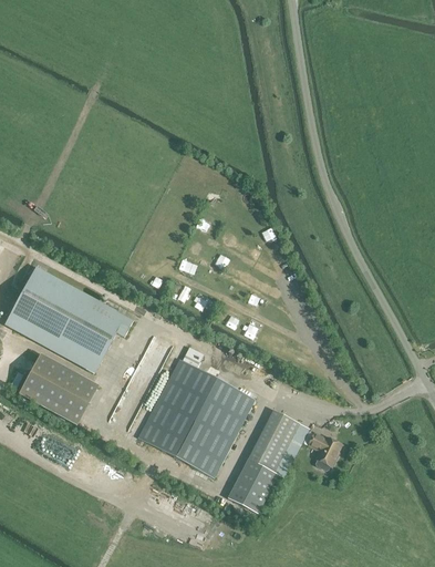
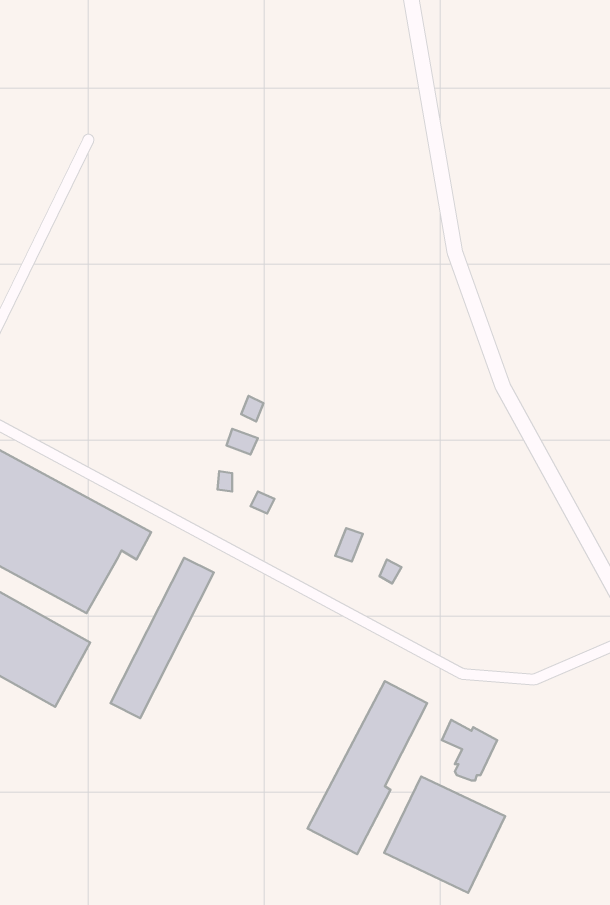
building: [138,348,256,477] -> none
building: none -> [384,777,505,893]

